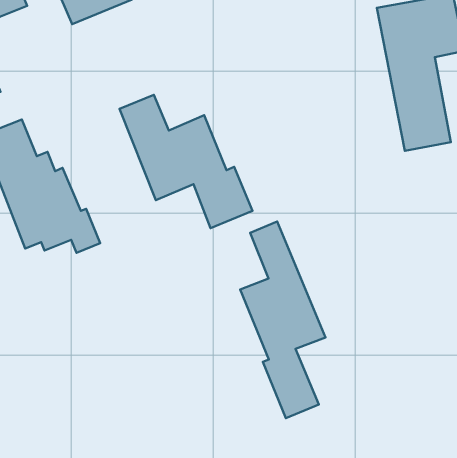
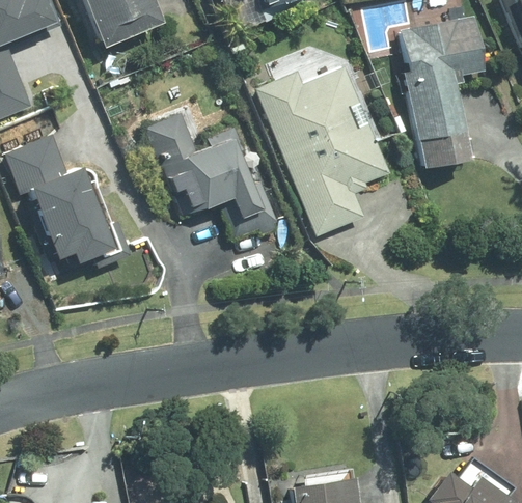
building: none -> [255,66,389,234]
building: [240,221,325,418] -> none

